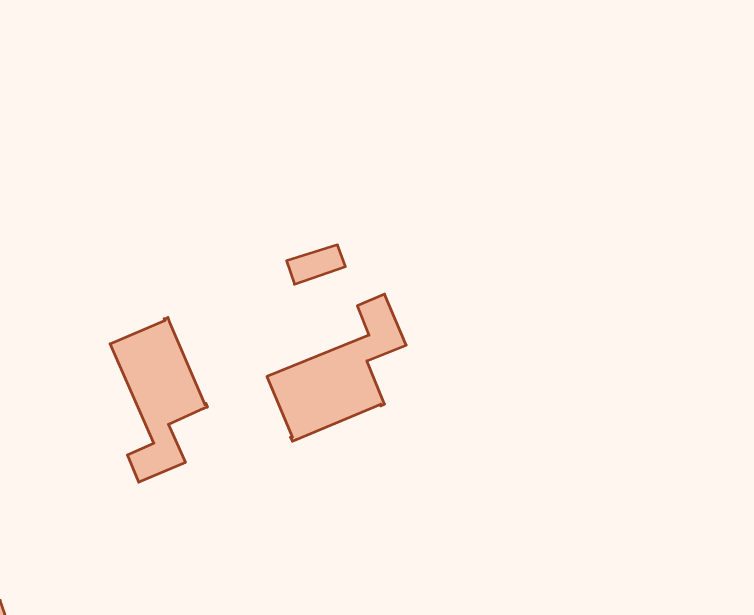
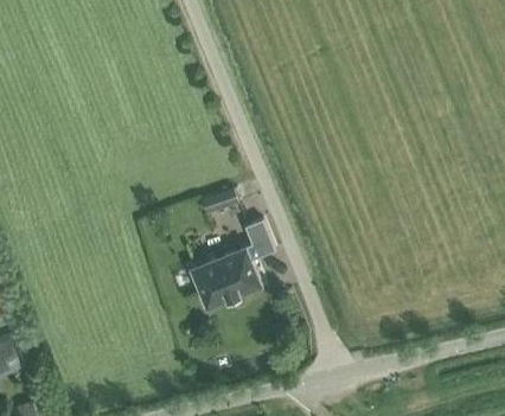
building: [110,317,207,482] -> none

